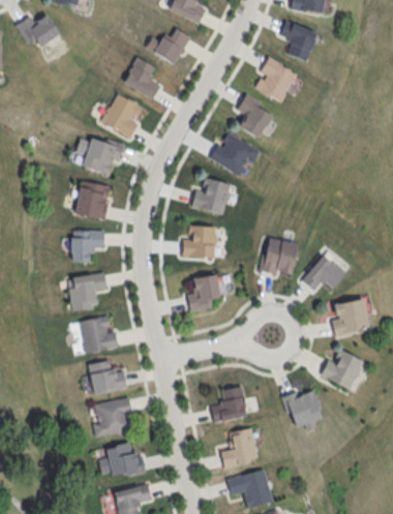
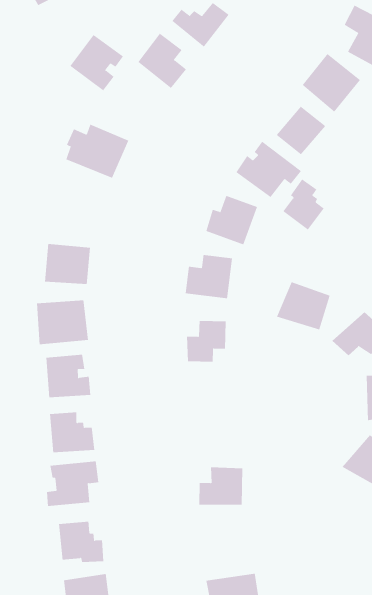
building: [102,93,144,137] -> [69,34,124,91]
building: none -> [283,178,325,231]
building: [75,181,111,219] -> none
building: [286,390,321,427] -> none
building: [220,427,258,468] -> none

